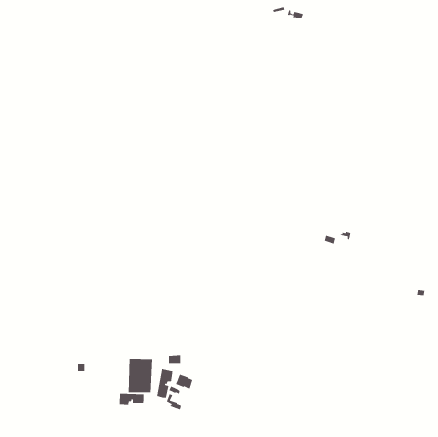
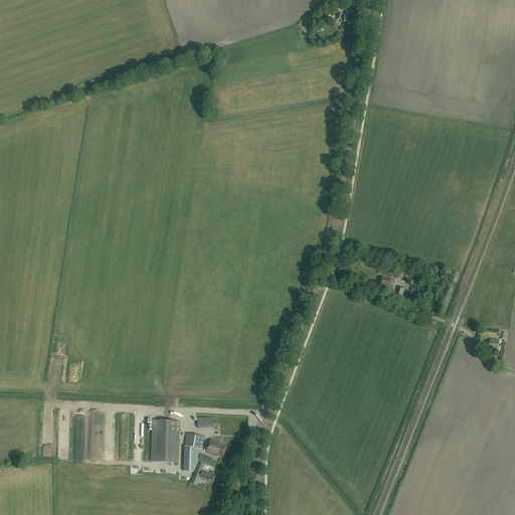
building: [119,393,145,405] -> none

